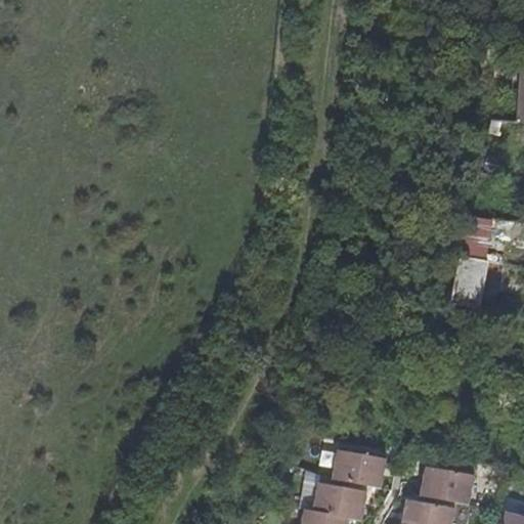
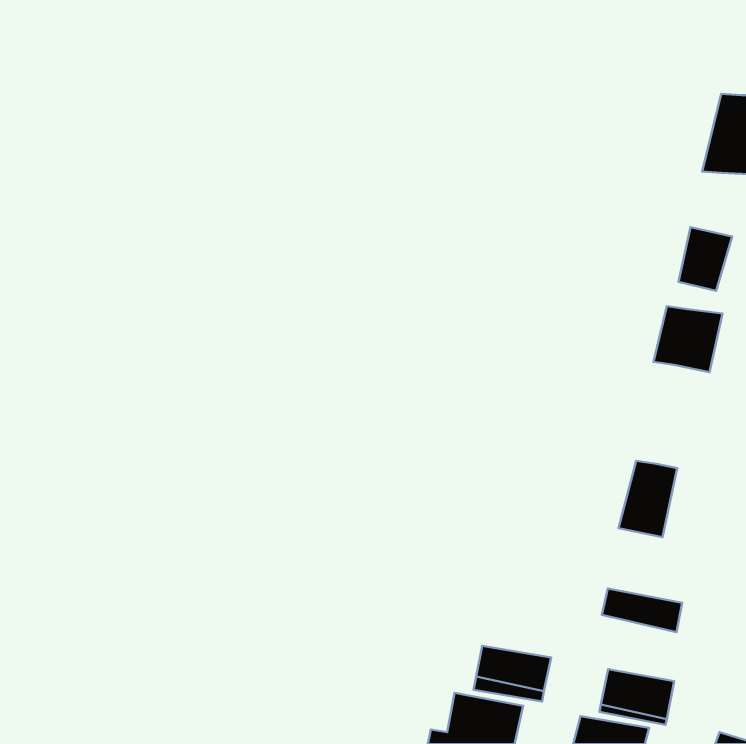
building: none -> [678,227,732,291]
building: [446,253,487,306] -> [618,461,677,537]
building: none -> [602,588,682,632]

